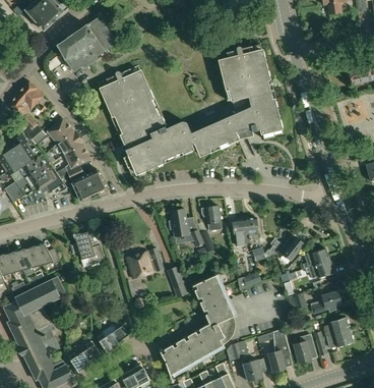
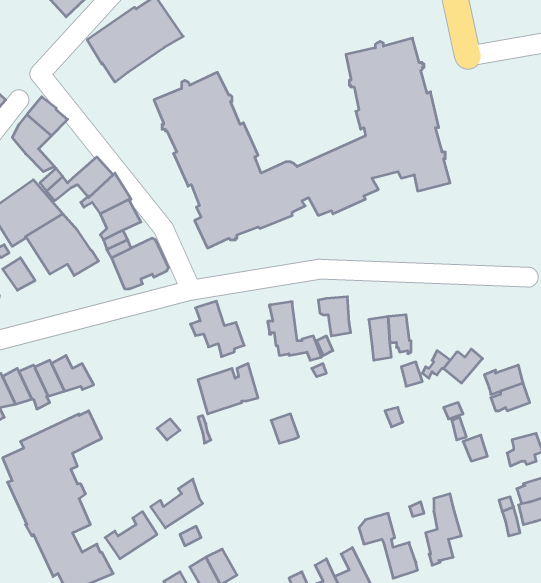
building: [71,231,105,266] -> [190,301,244,357]
building: [161,274,237,377] -> none
building: [293,333,314,363] -> none

